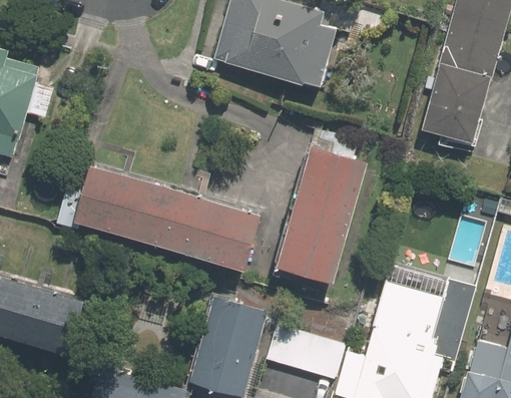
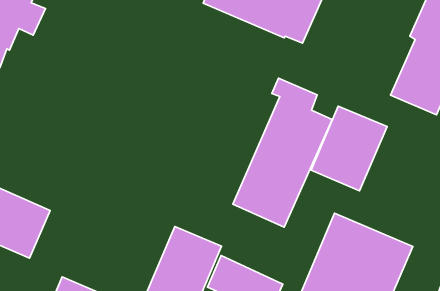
building: none -> [311,106,387,191]
building: [55,162,270,269] -> none

